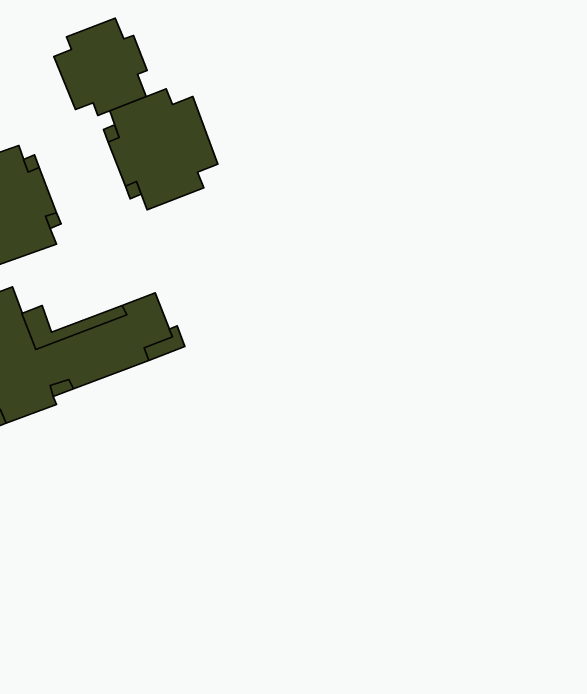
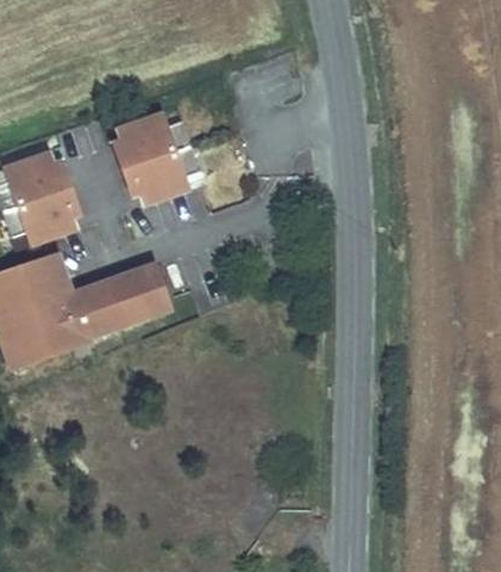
building: [54,18,147,115] -> none

